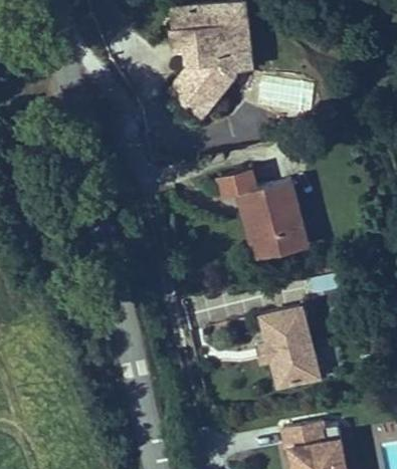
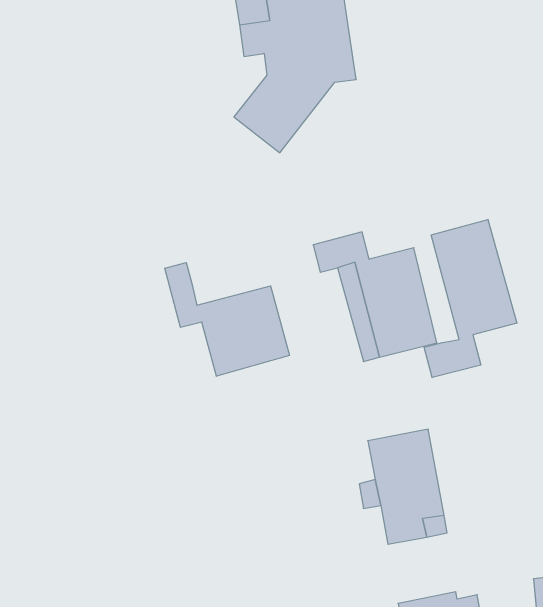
building: none -> [424,219,517,378]
building: none -> [165,263,290,376]

